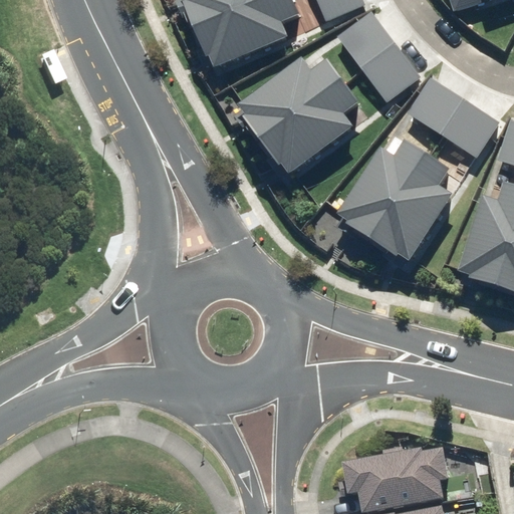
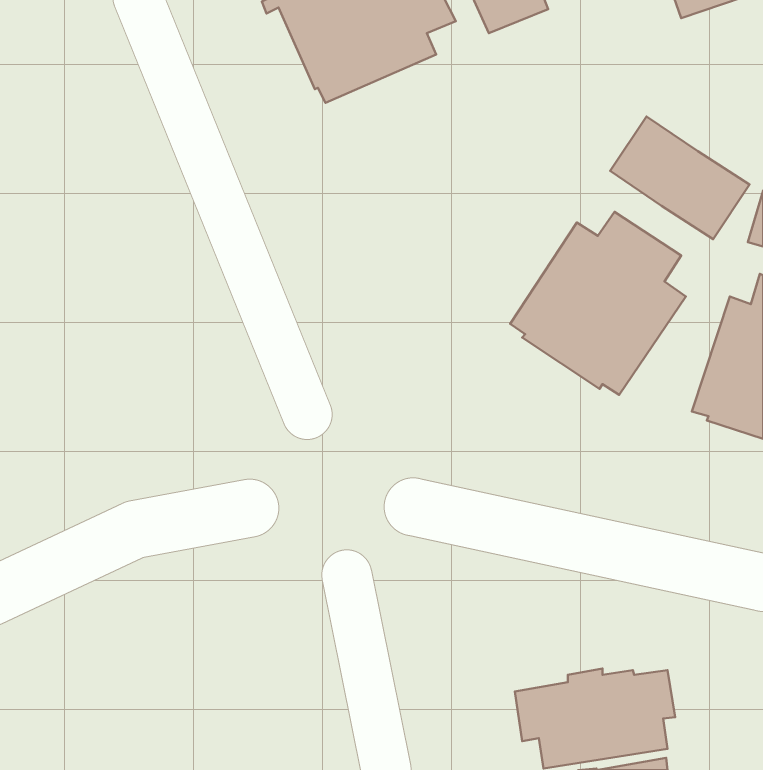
building: [334,12,419,103] -> none
building: [240,58,362,174] -> none

